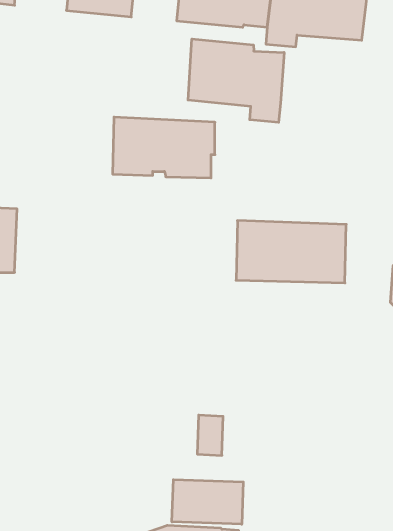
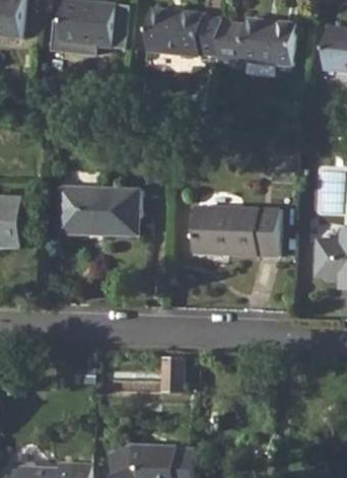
building: [188,39,284,122] -> none
building: [113,117,215,178] -> [58,186,138,233]
building: [172,480,243,524] -> none

